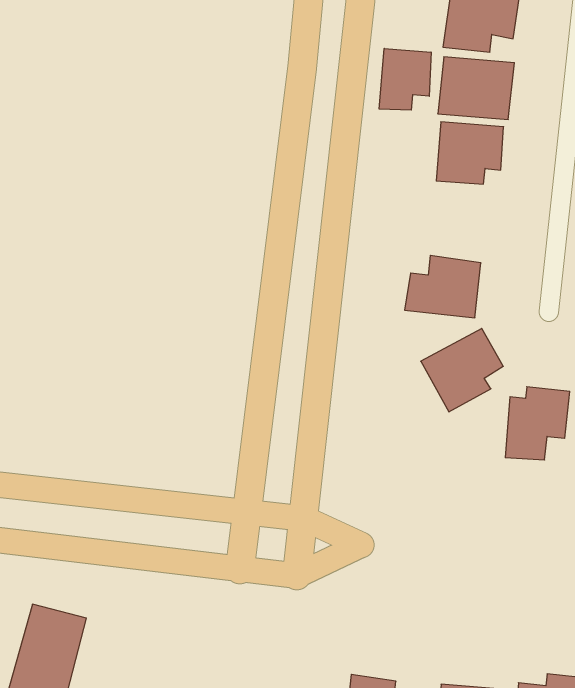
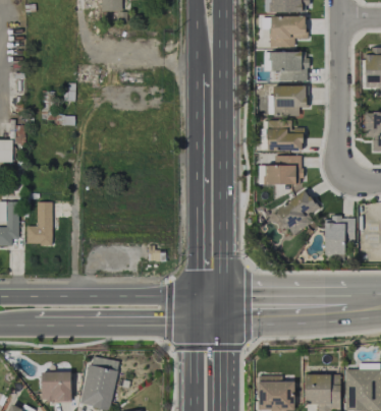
building: [379,48,431,110] -> none
building: none -> [267,120,304,151]

